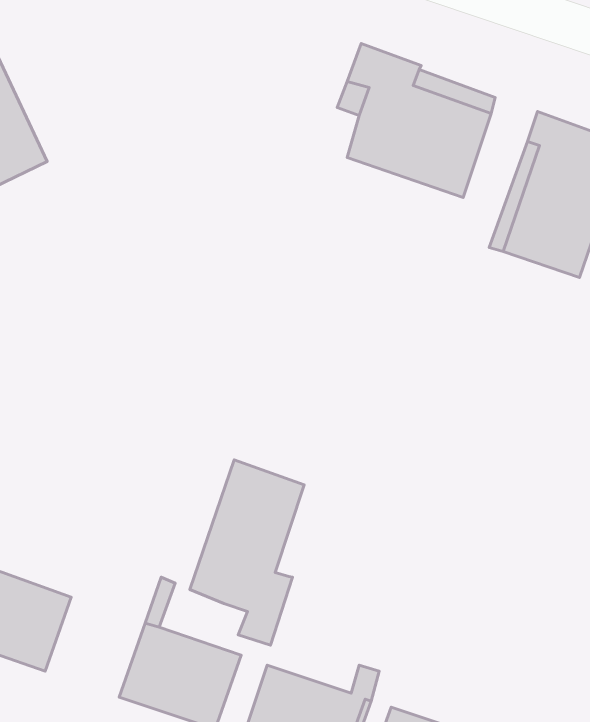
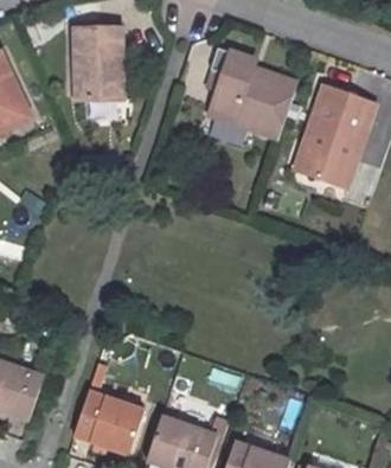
building: none -> [76,26,121,96]
building: [190,460,304,645] -> none

